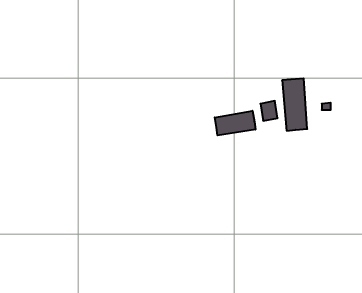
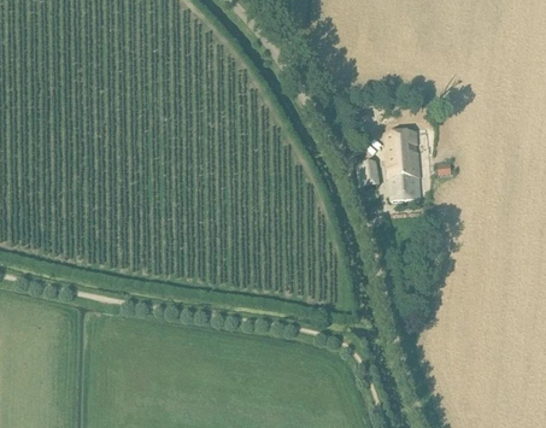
building: [215,111,255,135] -> none

